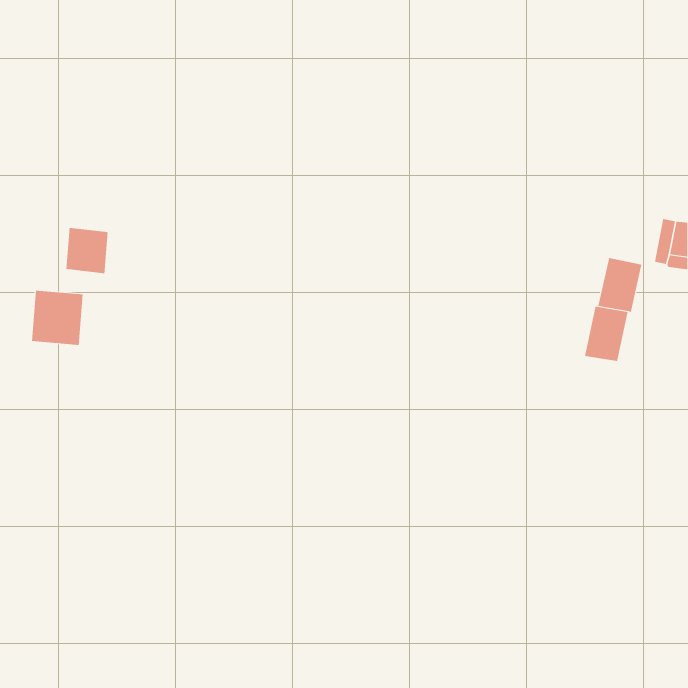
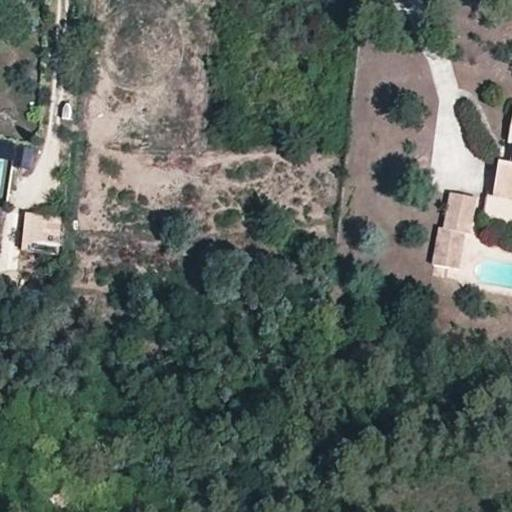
building: [66,227,108,274] -> none

